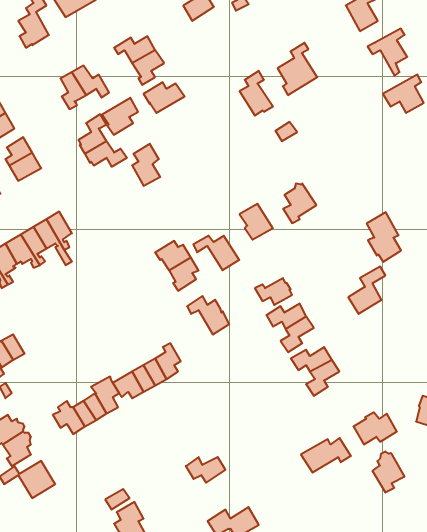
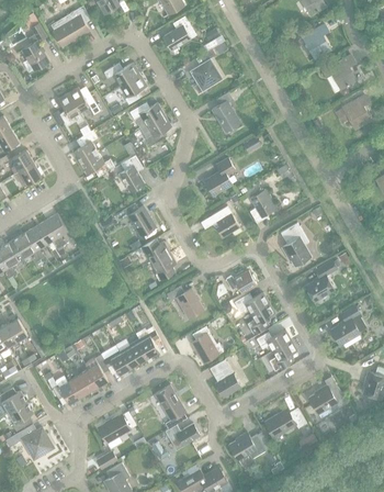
building: [278,43,317,95] -> [188,47,222,92]
building: [102,98,138,135] -> [139,113,170,145]
building: none -> [204,157,234,194]
building: [367,212,401,262] -> [280,222,309,265]
building: [193,236,239,270] -> [115,205,155,235]
building: none -> [330,304,364,344]
building: none -> [190,325,223,362]
building: none -> [208,358,240,396]
building: none -> [154,383,184,418]
building: none -> [97,412,129,441]
building: [373,451,404,493] -> none
building: none -> [227,431,264,459]

